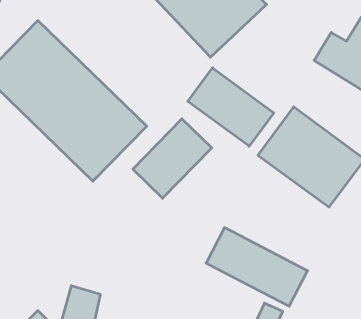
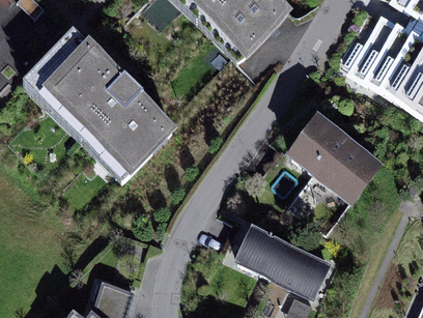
building: [188,68,274,146] -> none
building: [133,119,212,198] -> none

